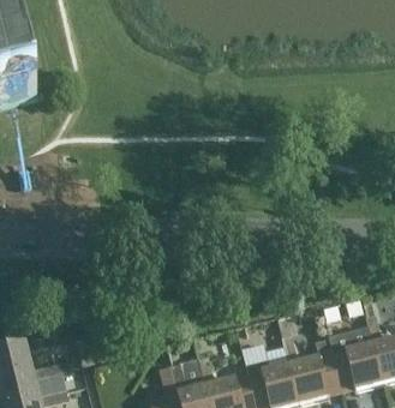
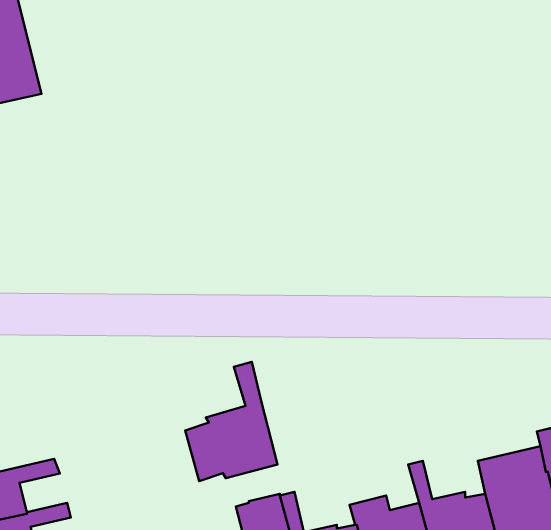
building: none -> [185,362,277,481]

